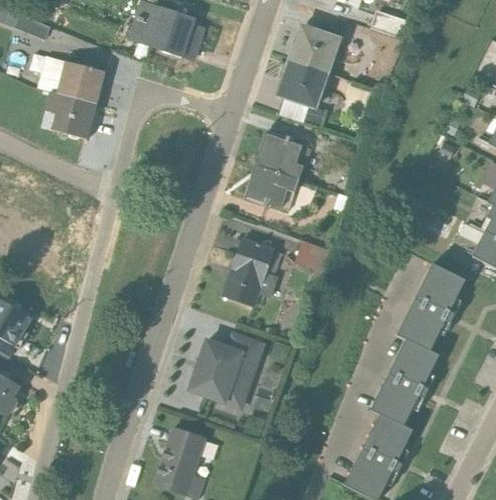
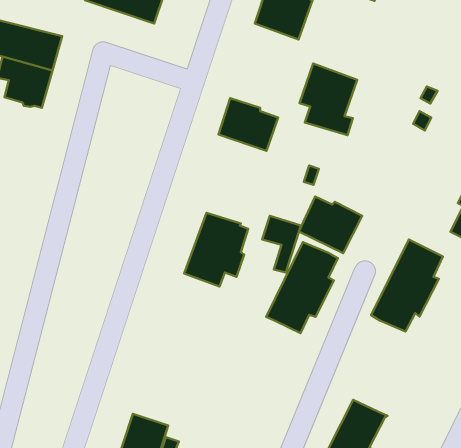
building: [274,58,329,126] -> [299,64,357,135]
building: [243,163,298,209] -> none
building: none -> [299,197,362,253]
building: [187,330,265,409] -> none
building: [371,339,439,424] -> [266,242,338,333]

